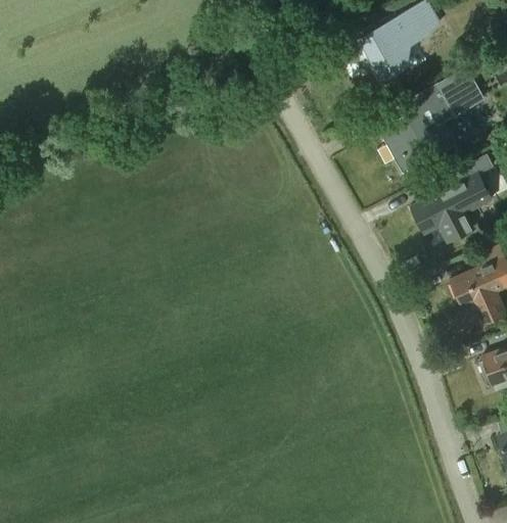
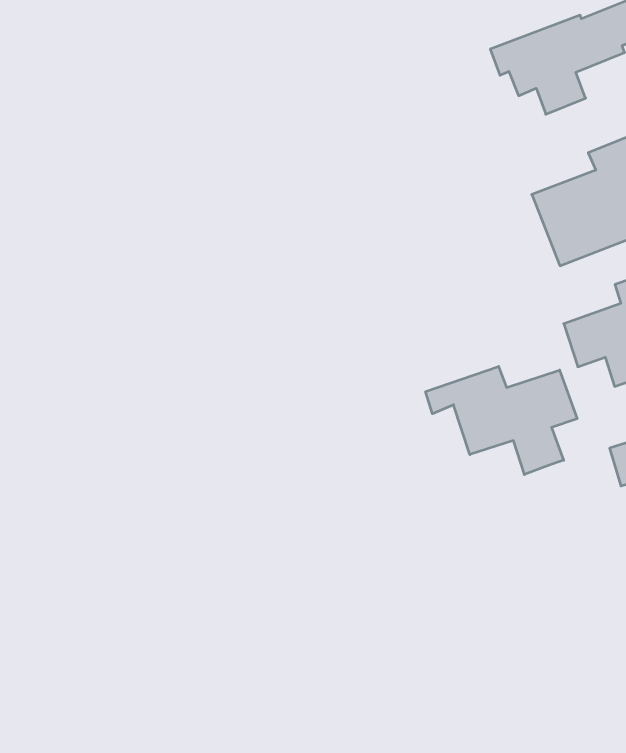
building: none -> [426,366,577,475]

